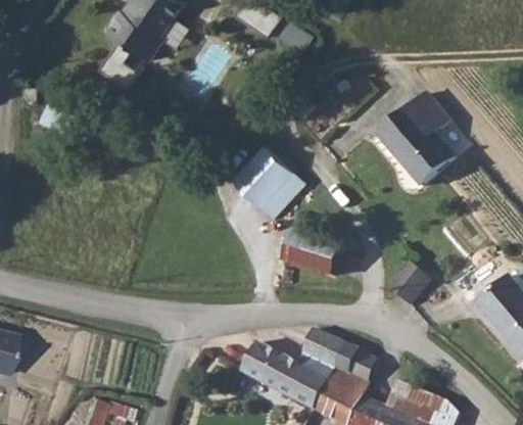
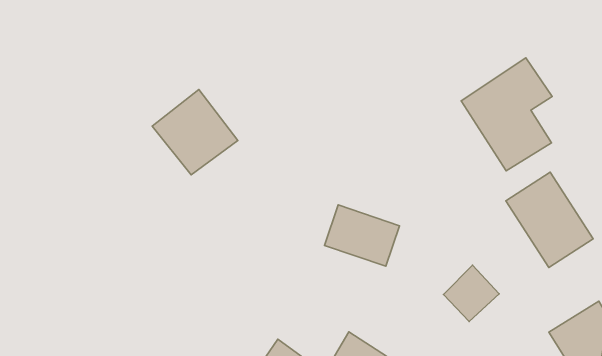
building: [230,149,299,218] -> [152,89,238,175]
building: none -> [506,172,593,267]

